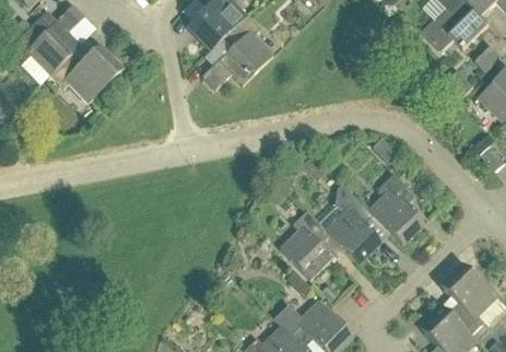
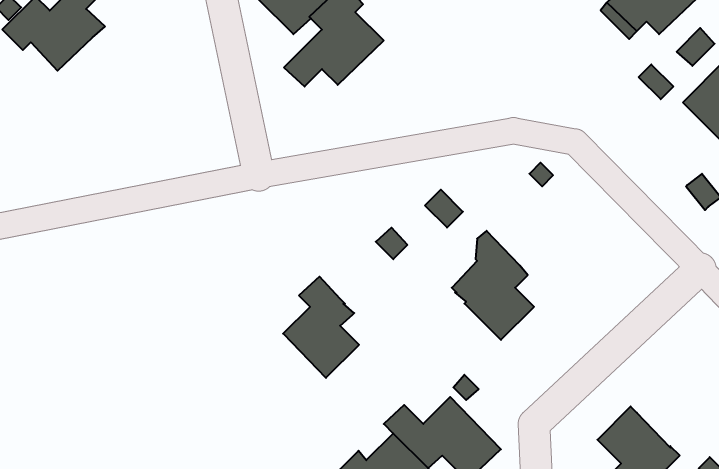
building: [48,43,125,103] -> none
building: [367,172,420,240] -> none
building: [281,209,333,279] -> [283,277,359,378]
building: [444,266,497,335] -> none

